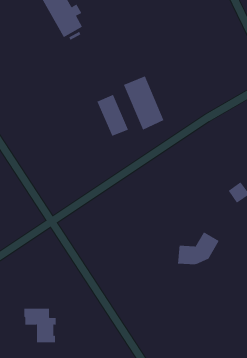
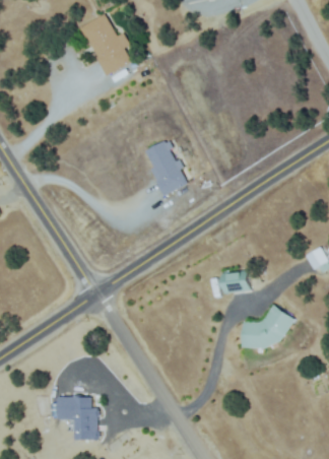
building: [123,75,164,130] -> none
building: none -> [222,270,249,291]

